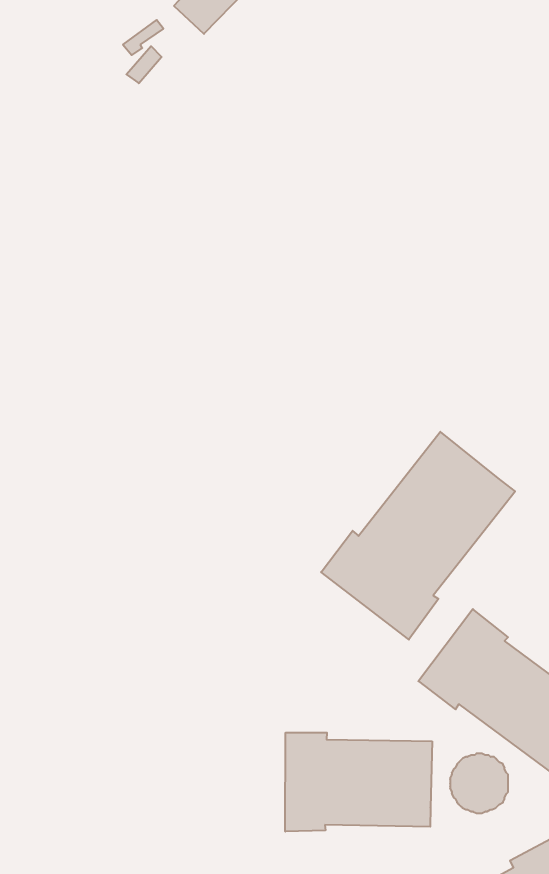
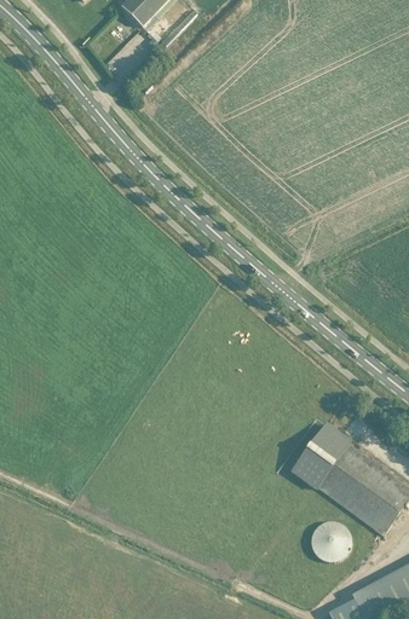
building: [321,432,515,640] -> none
building: [285,733,432,832] -> none

